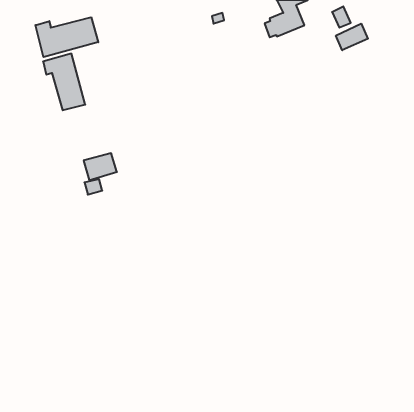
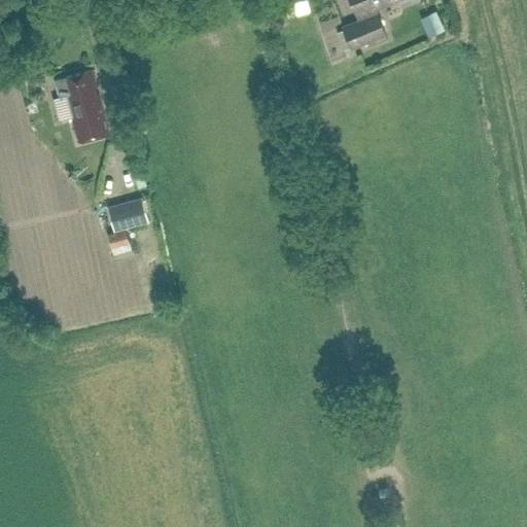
building: [35,17,98,57] -> none
building: [336,24,368,50] -> none

